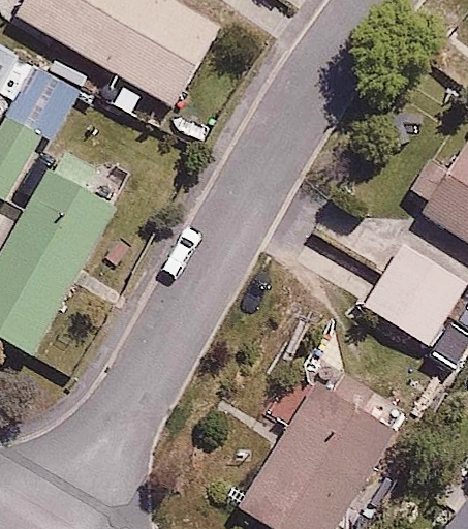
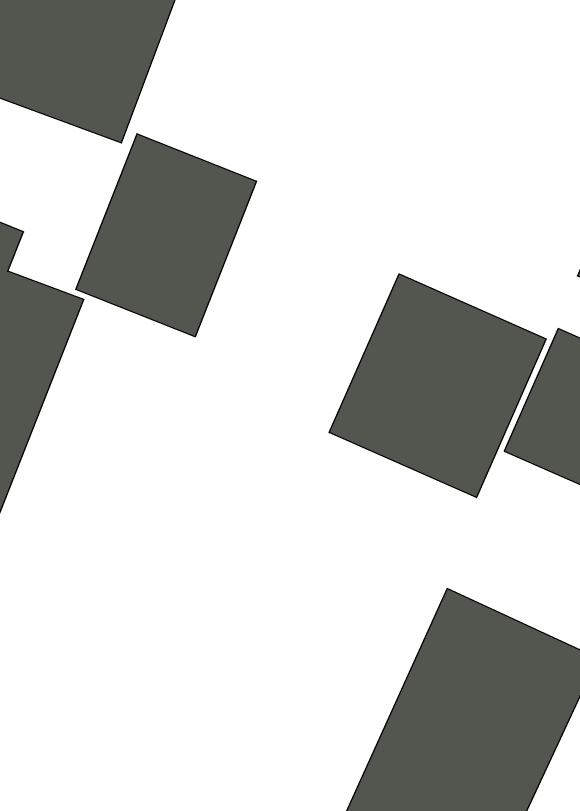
building: none -> [76,134,257,337]
building: none -> [329,274,546,498]

